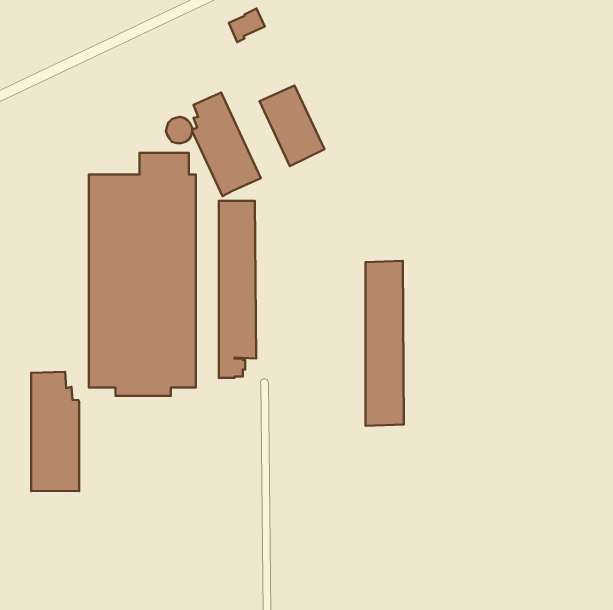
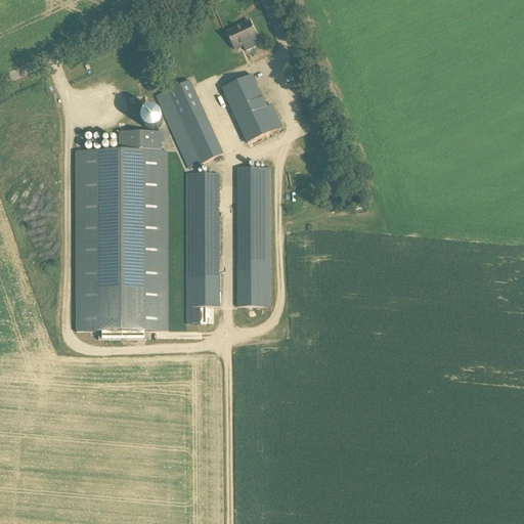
building: [229,9,265,42] -> [225,18,256,47]
building: [365,261,404,426] -> [236,165,269,305]
building: [31,372,79,491] -> none

